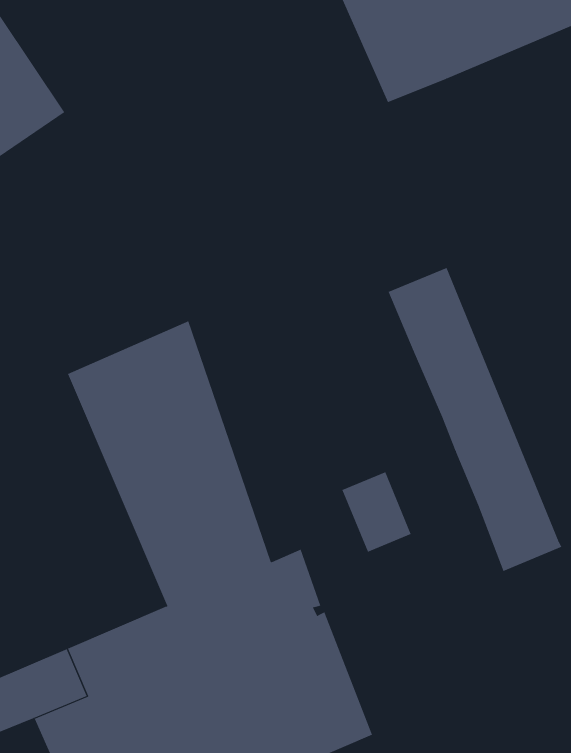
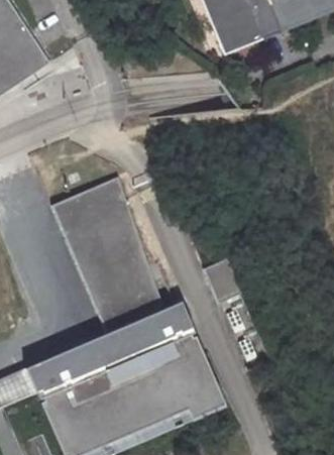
building: [388,267,562,572] -> none

